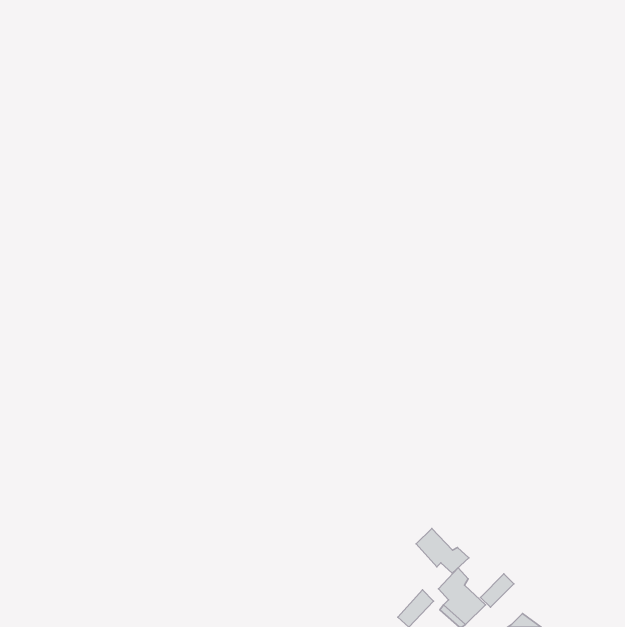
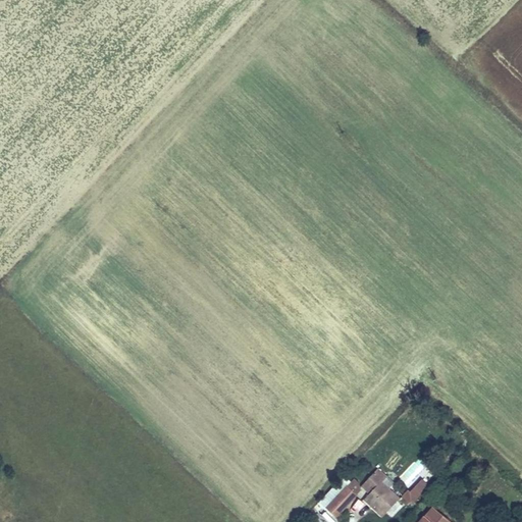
building: [416,528,469,573] -> none

